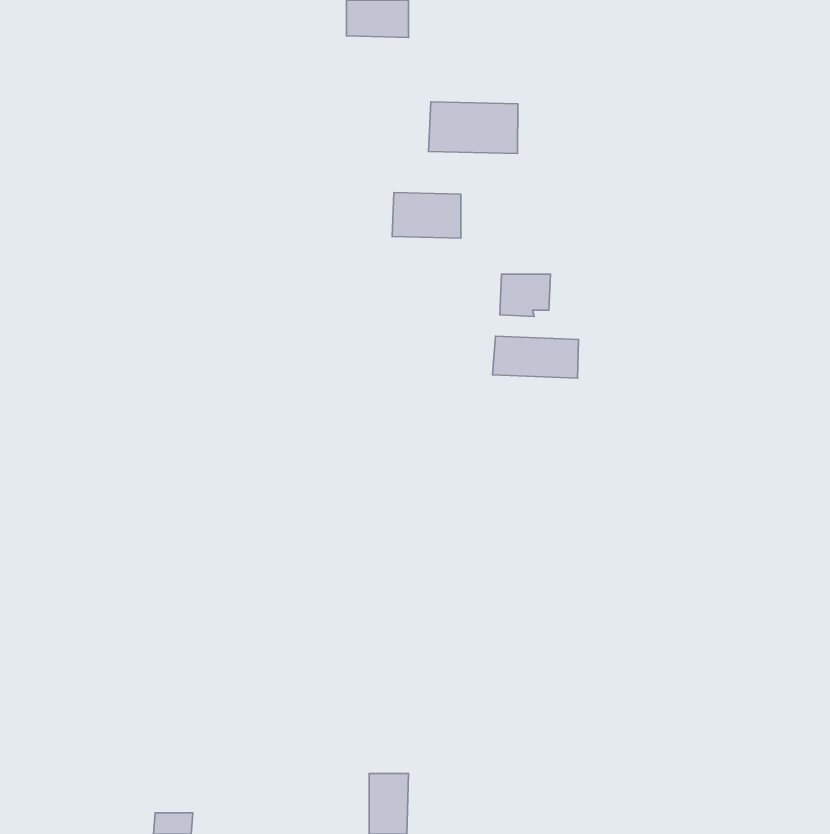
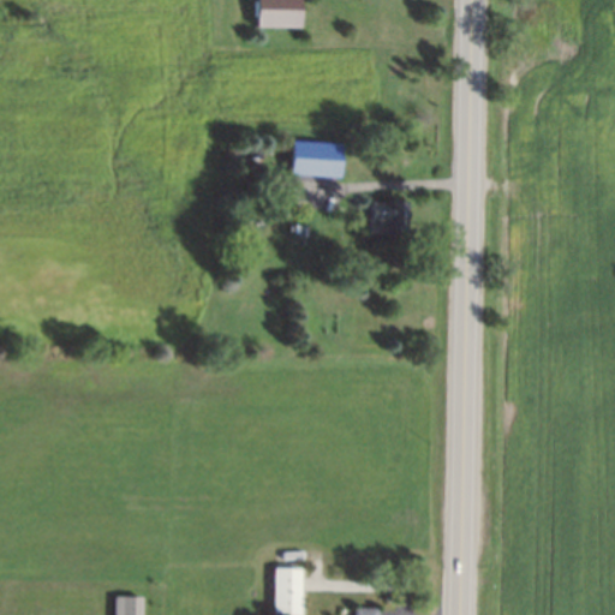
building: [428,102,518,153] -> none
building: [493,336,578,378] -> none

